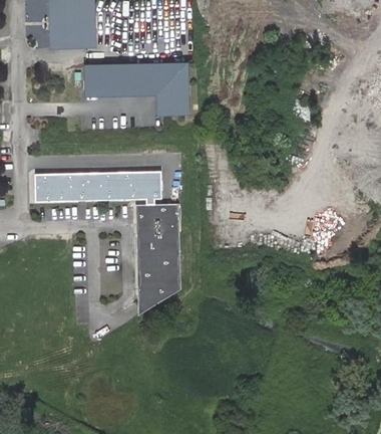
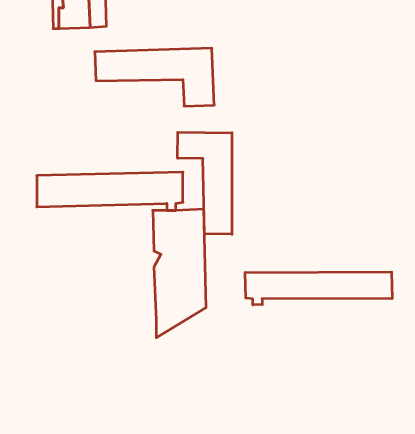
building: none -> [178,132,232,234]
building: none -> [245,272,392,305]

